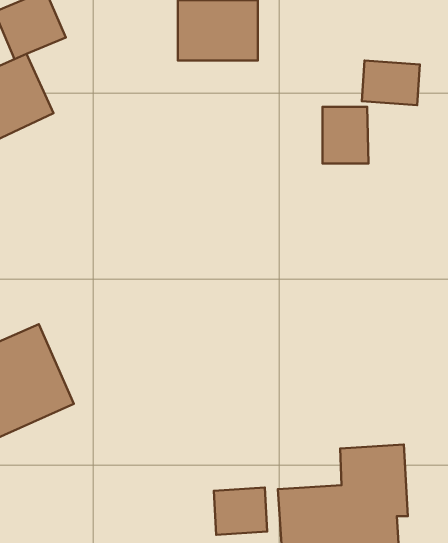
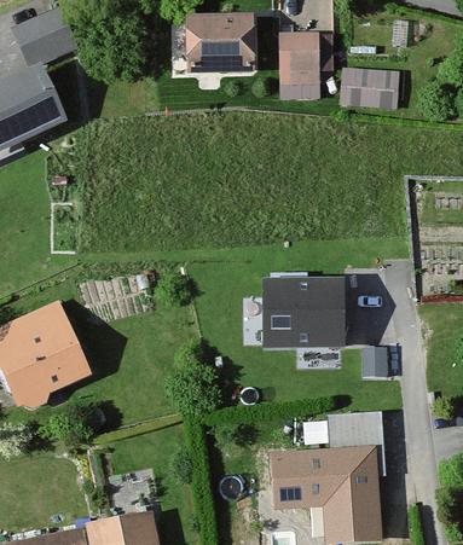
building: [323,107,369,164] -> [277,31,318,82]
building: none -> [267,274,352,347]
building: [214,488,267,535] -> none

